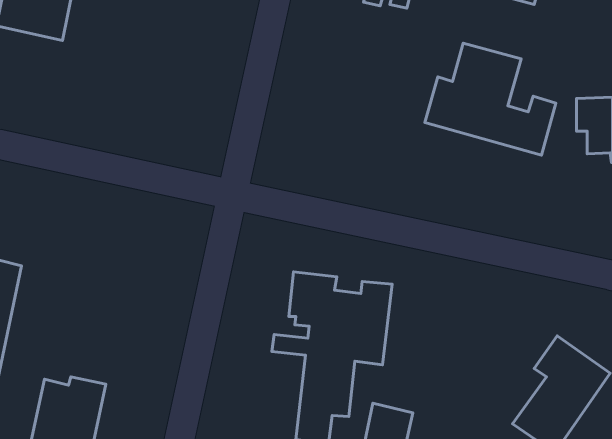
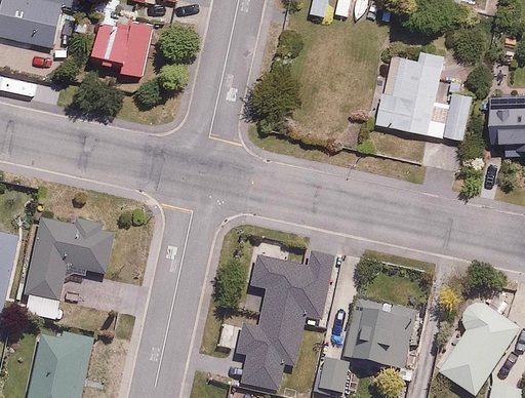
building: none -> [92,19,154,76]
building: none -> [18,217,116,320]
building: none -> [352,303,417,369]

